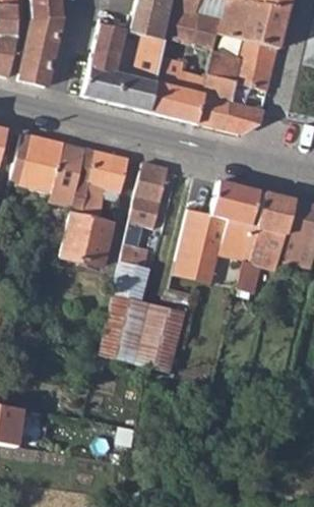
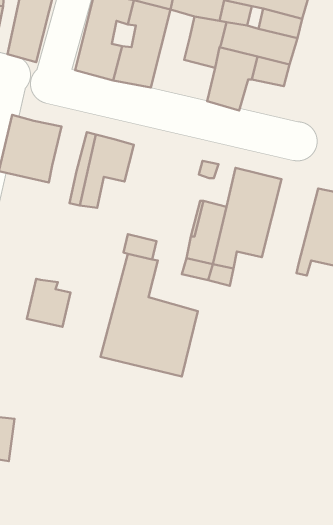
building: [144,40,201,121] -> none
building: [223,102,262,132] -> none
building: [57,144,87,183] -> none
building: [130,163,171,228] -> none
building: [236,190,293,292] -> none
building: [69,213,108,256] -> [27,279,70,327]

